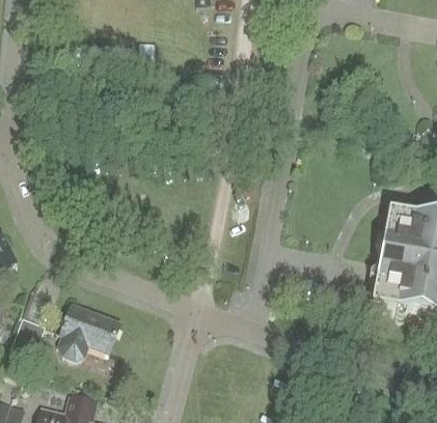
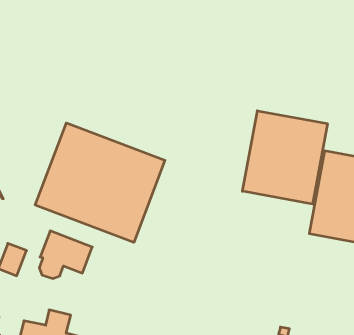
building: none -> [242,111,327,204]
building: none -> [35,123,165,242]

